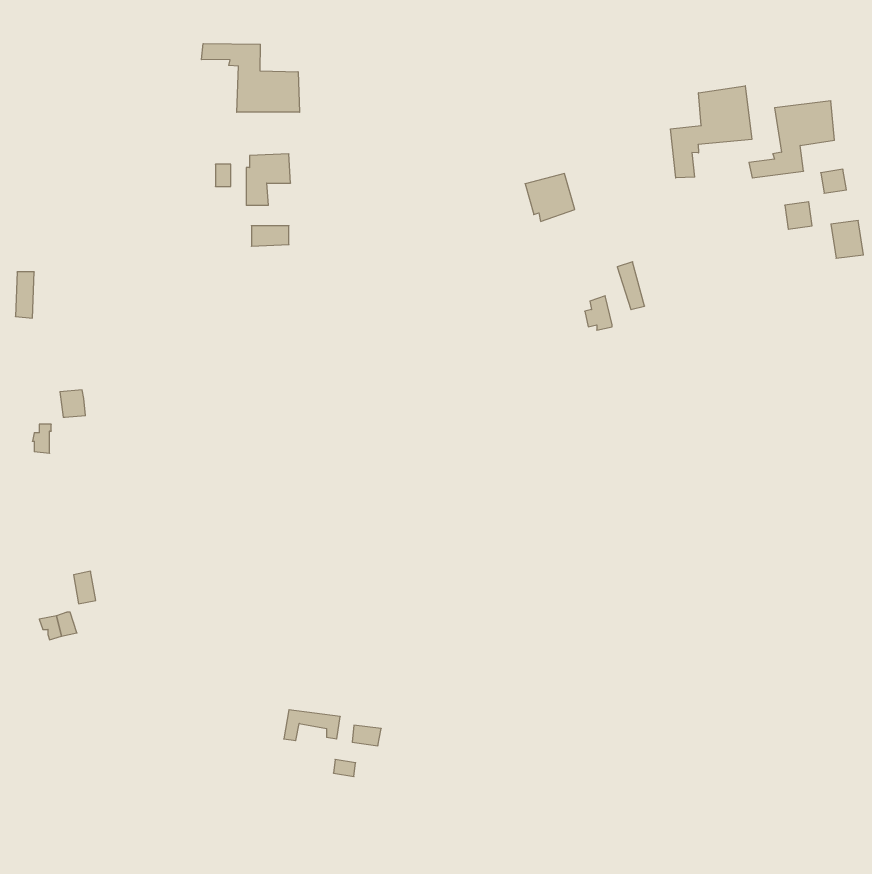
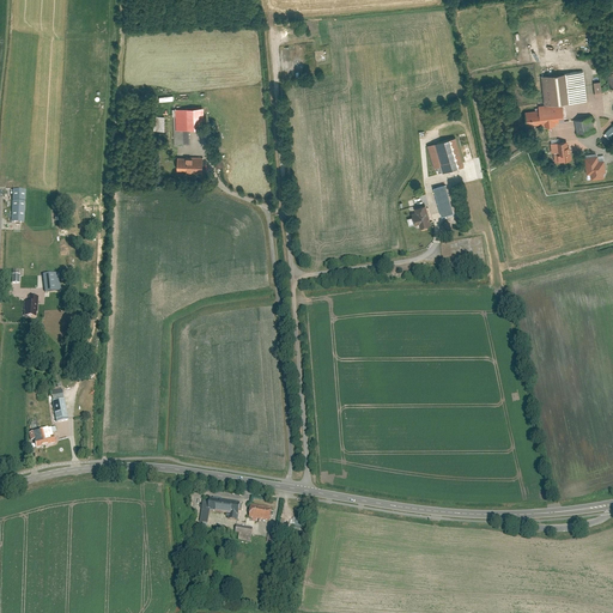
building: [201,44,300,112] -> none
building: [671,86,752,178] -> none
building: [525,174,575,221] -> [426,139,461,172]

